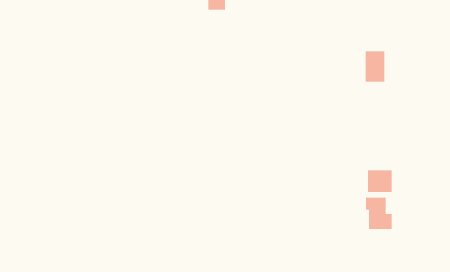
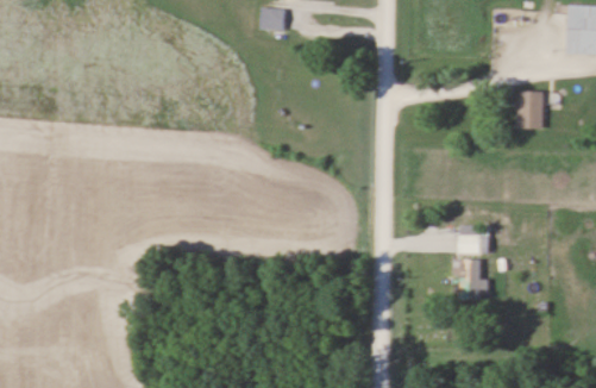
building: [365,50,385,82] -> [517,90,542,130]

